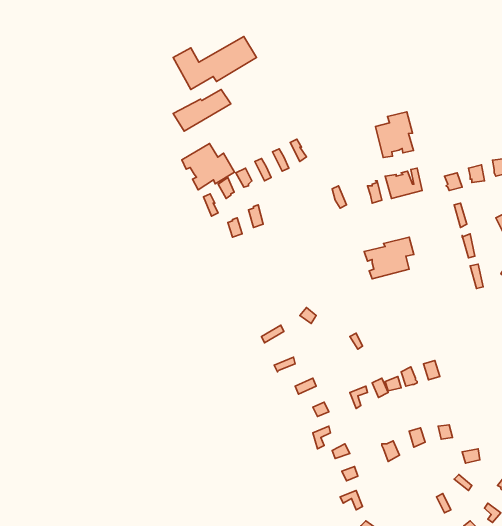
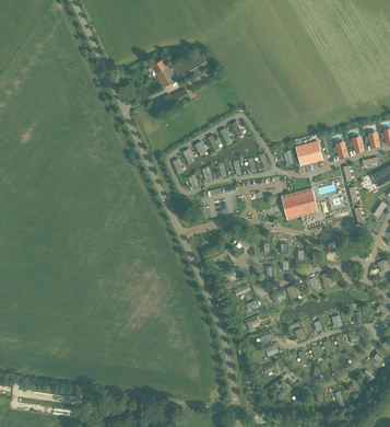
building: [376,112,414,157] -> none
building: [182,144,234,190] -> none

